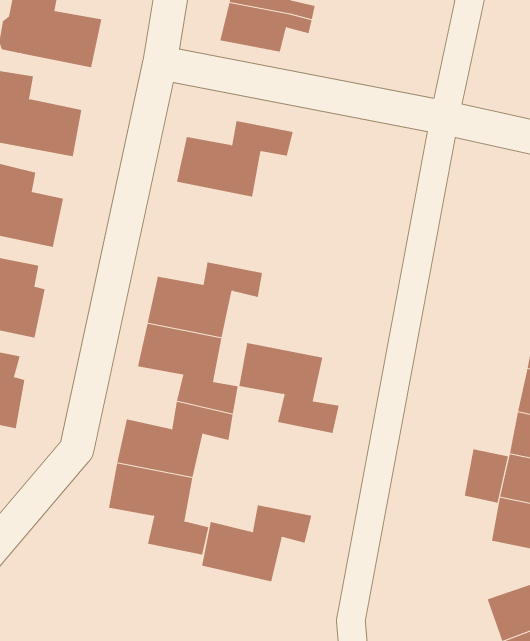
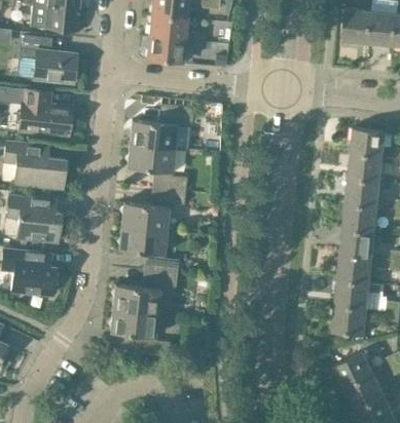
building: [238,342,340,433] -> [128,144,187,191]
building: [464,449,508,504] -> none
building: [202,504,312,582] -> none

